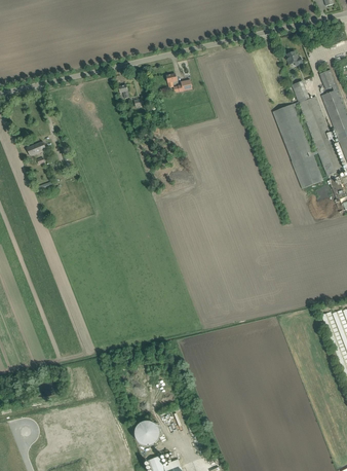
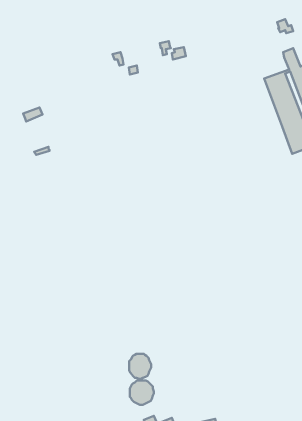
building: none -> [129,354,151,379]

